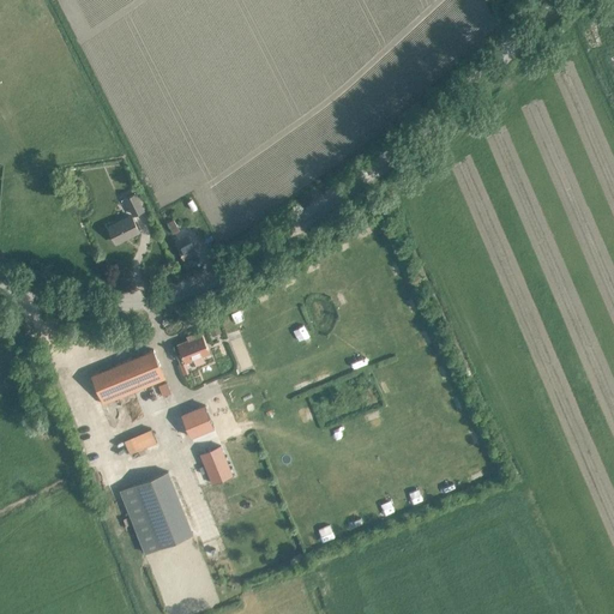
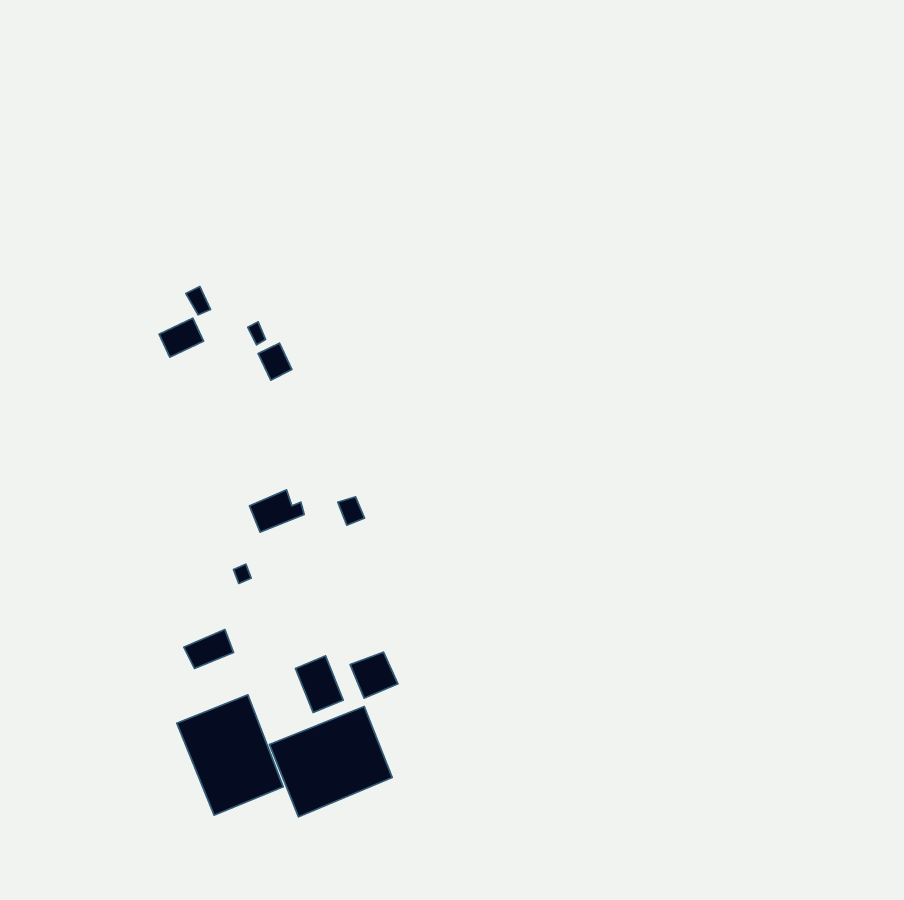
building: [91,351,165,407] -> none
building: [181,408,213,439] -> [350,652,398,698]
building: none -> [269,707,392,817]

